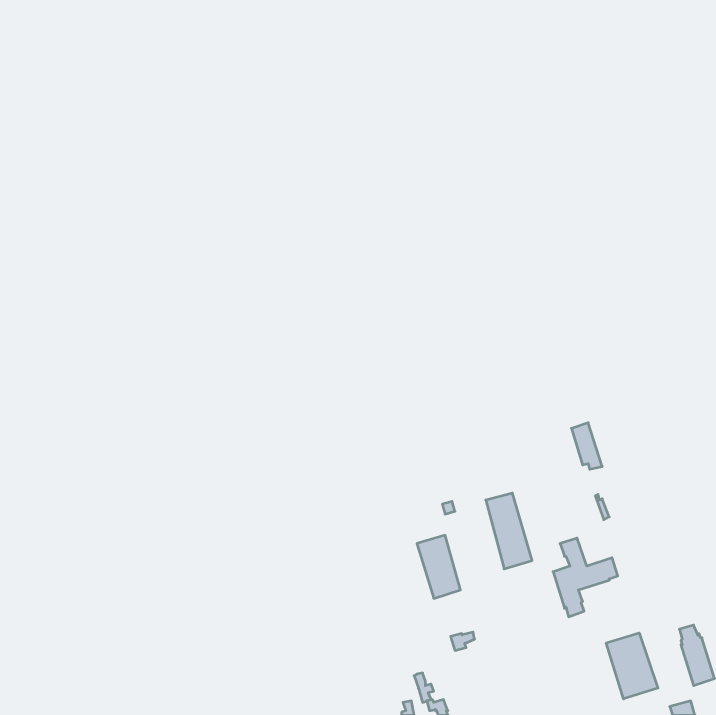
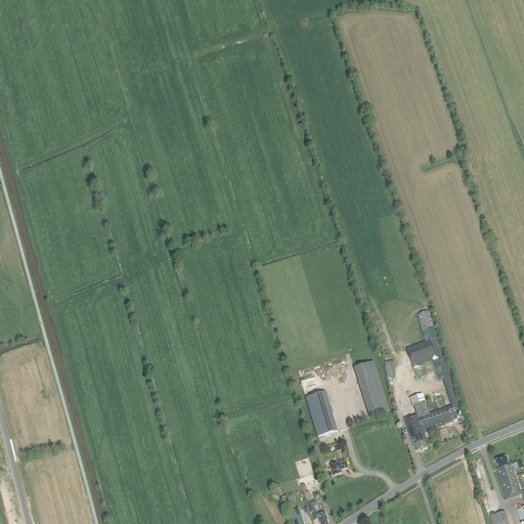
building: none -> [405,338,435,363]
building: [606,633,658,699] -> none

